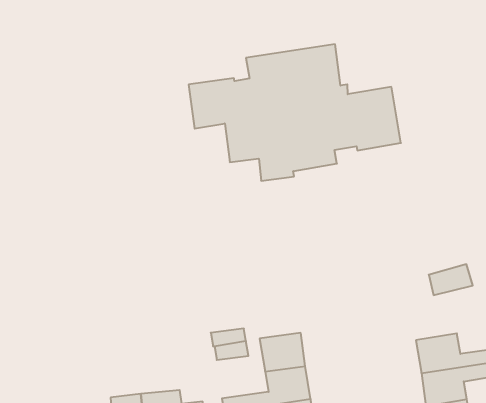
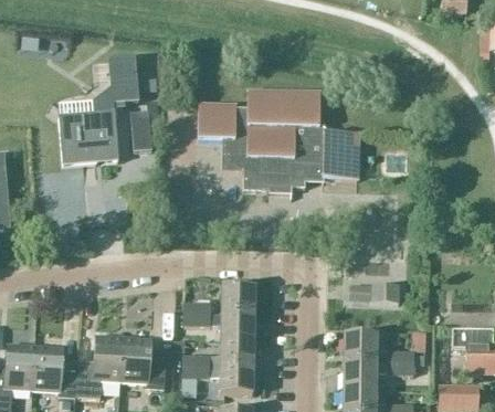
building: none -> [57,57,139,165]
building: none -> [131,110,152,150]
building: none -> [221,287,254,314]

